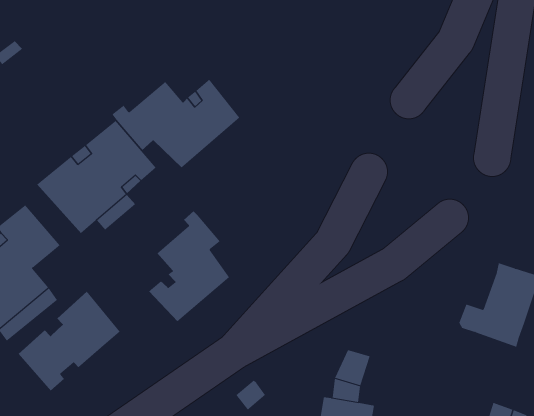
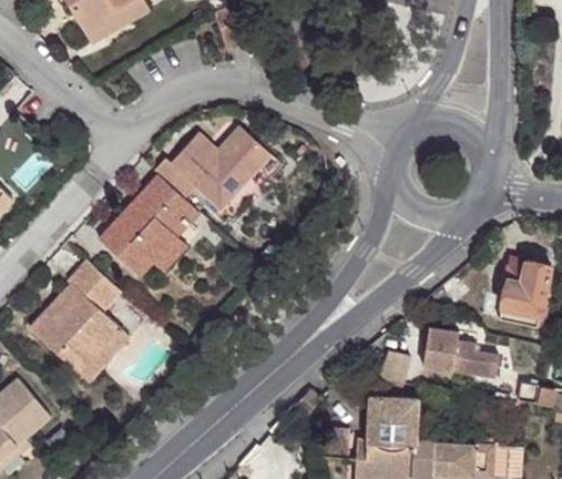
building: [148,210,230,322] -> none
building: [18,291,121,391] -> none
building: none -> [422,326,499,378]

